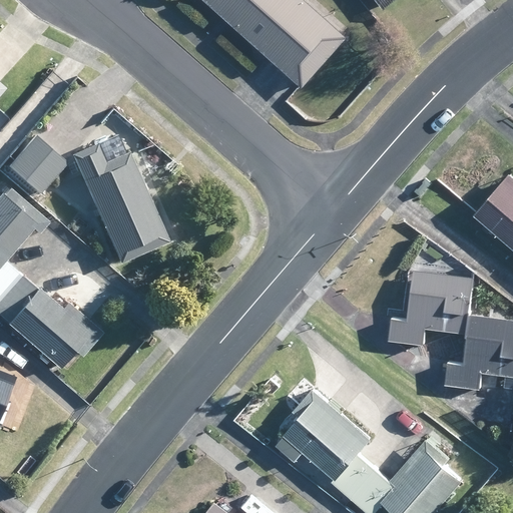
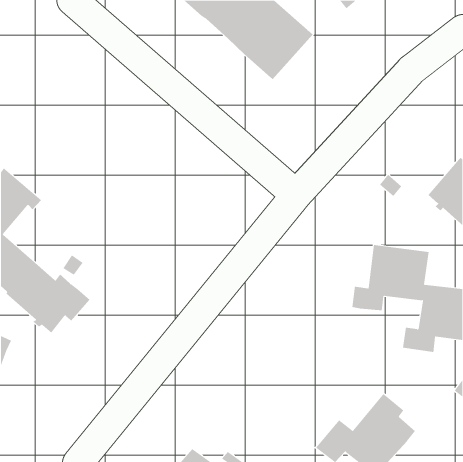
building: [7,136,65,194] -> none
building: [70,144,165,265] -> none
building: [275,386,375,496] -> none

